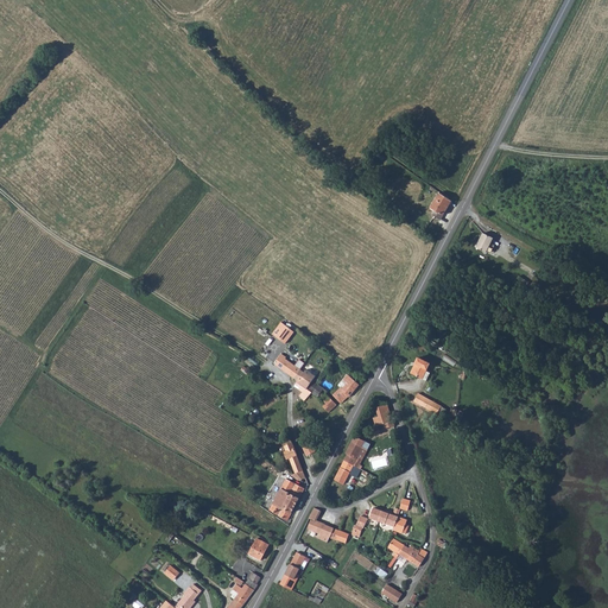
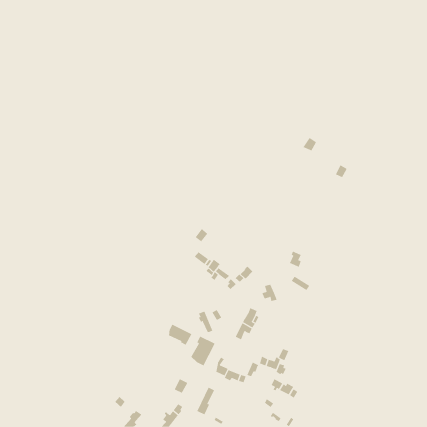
building: none -> [168,324,192,346]

